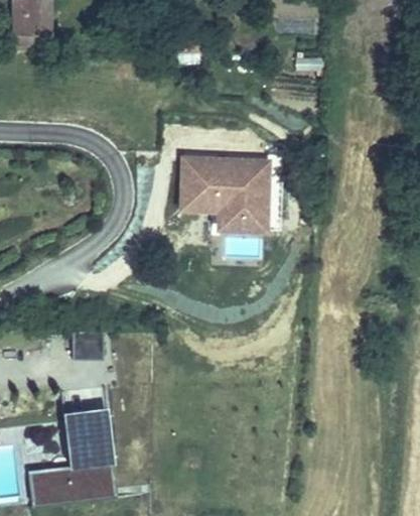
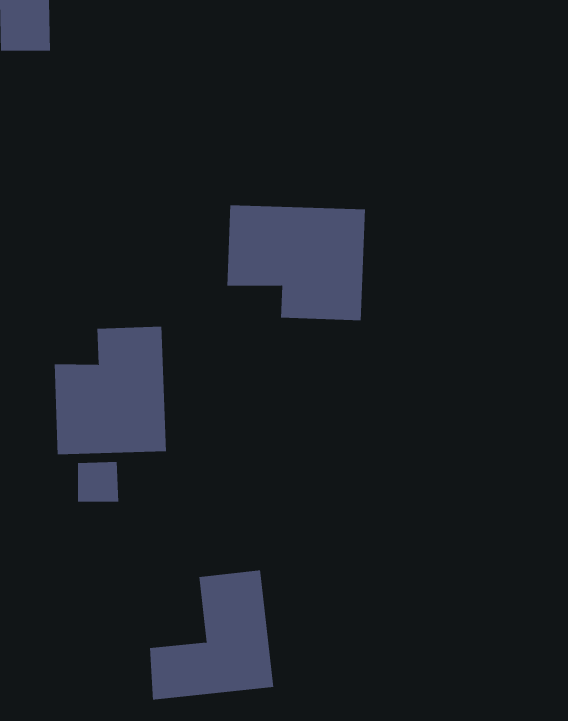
building: none -> [54,326,167,455]
building: [28,413,115,504] -> [149,570,274,700]

